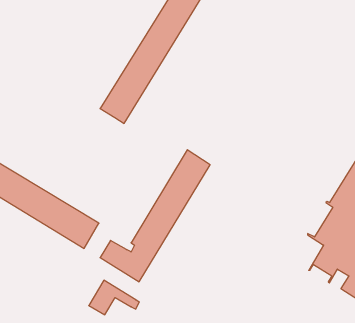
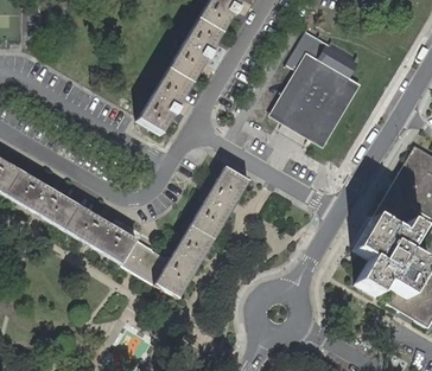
building: none -> [269,31,358,145]
building: [89,280,139,315] -> [119,237,171,273]

